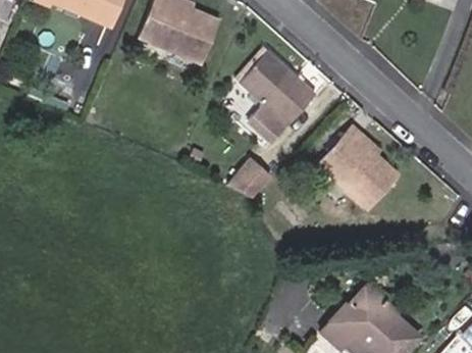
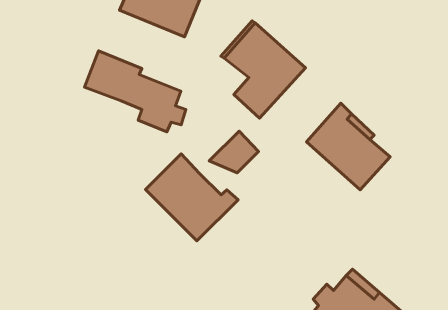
building: none -> [84,51,186,132]
building: none -> [146,154,238,241]

